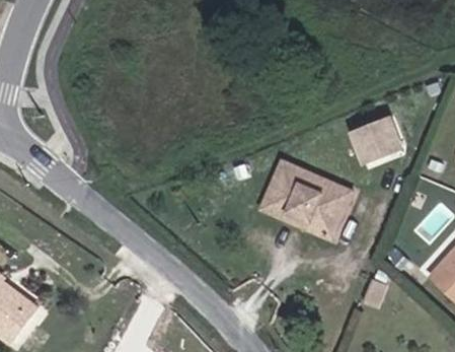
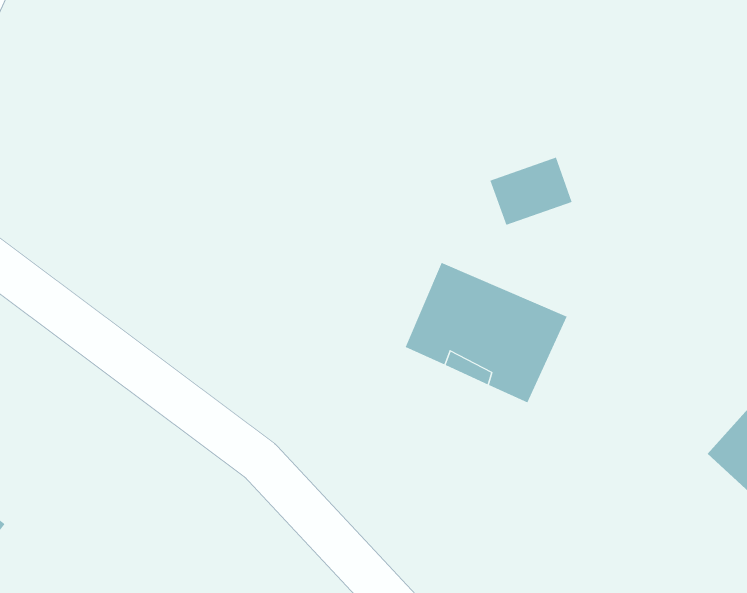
building: [355,123,401,161] -> [489,157,573,225]

